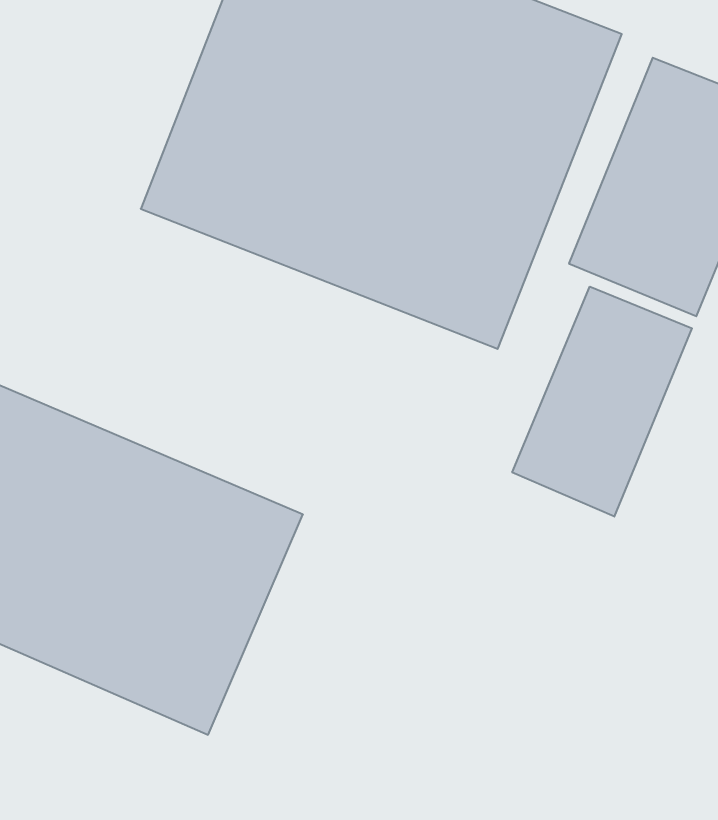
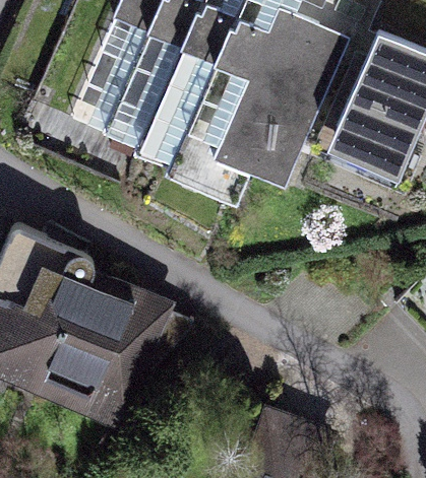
building: [512,287,692,517] -> none

